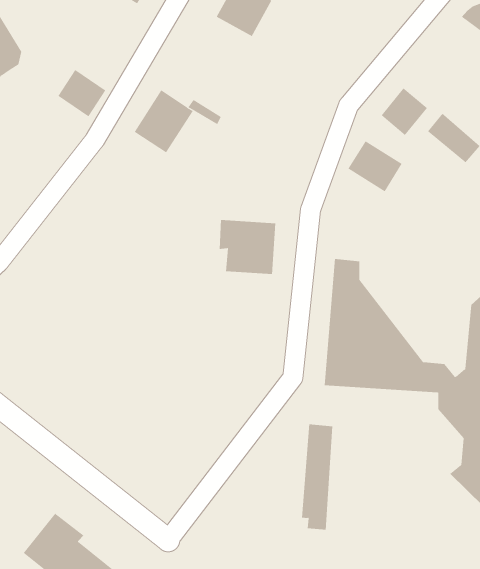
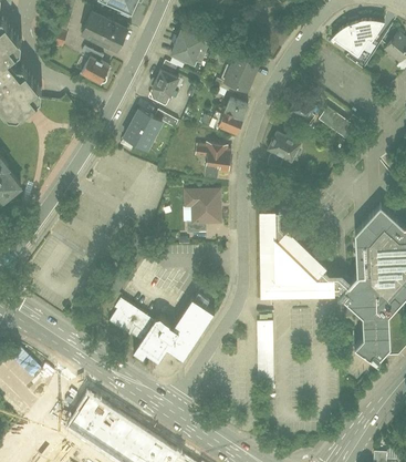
building: none -> [222,53,259,93]
building: none -> [148,69,185,106]
building: [58,69,106,117] -> [82,58,114,89]
building: none -> [215,101,244,135]
building: none -> [195,145,232,173]
building: none -> [106,292,209,361]

